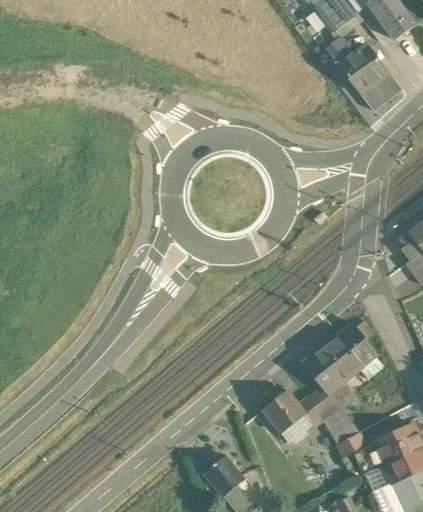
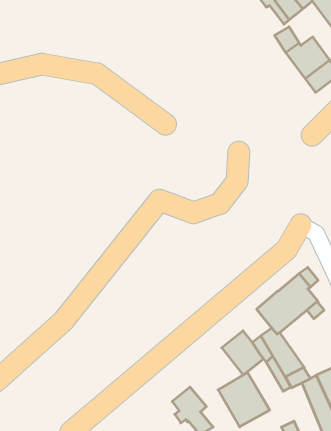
building: none -> [218,372,270,427]

